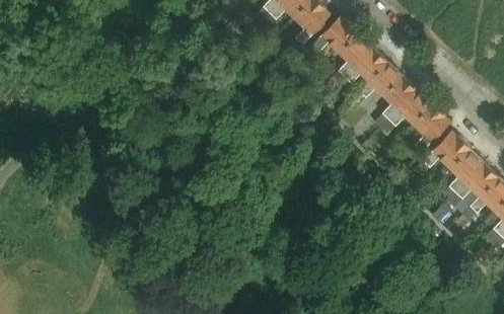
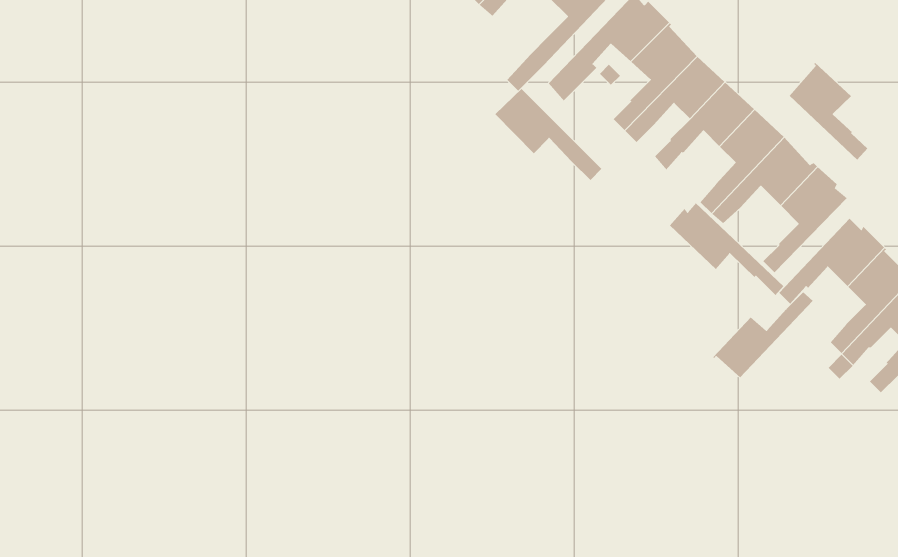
building: none -> [789,62,868,160]
building: none -> [494,88,602,181]
building: none -> [669,203,784,296]
building: none -> [712,292,814,378]

